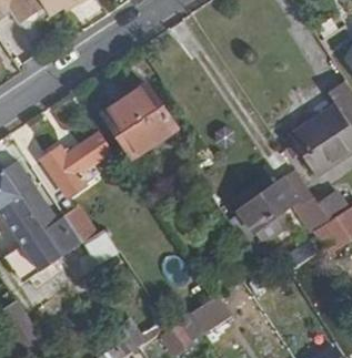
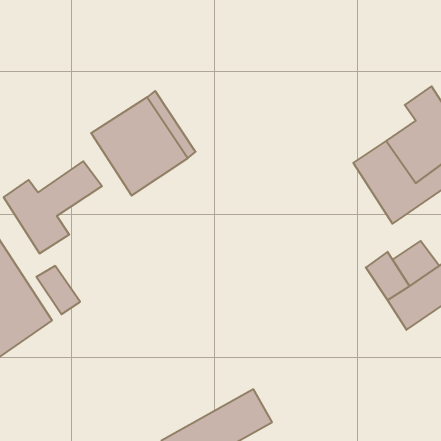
building: [238,176,298,244] -> none

